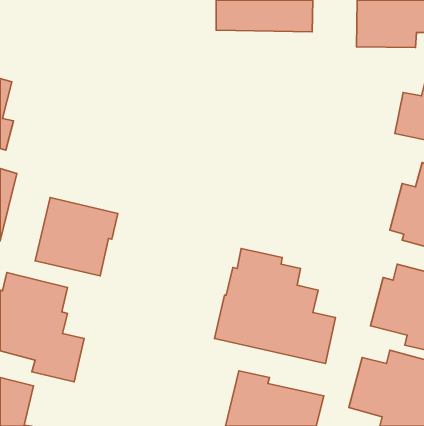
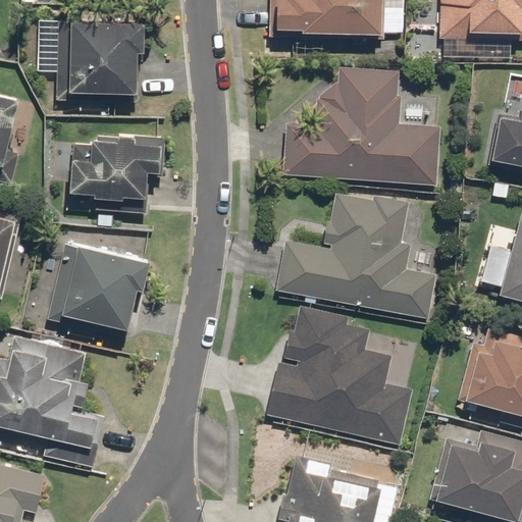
building: none -> [55,19,142,102]
building: none -> [281,65,440,185]
building: none -> [63,134,166,213]
building: none -> [274,192,437,319]

